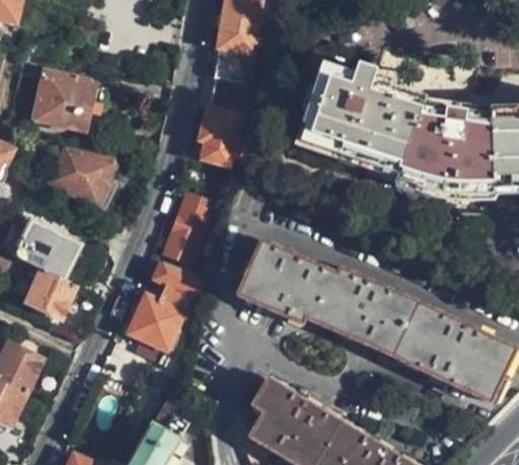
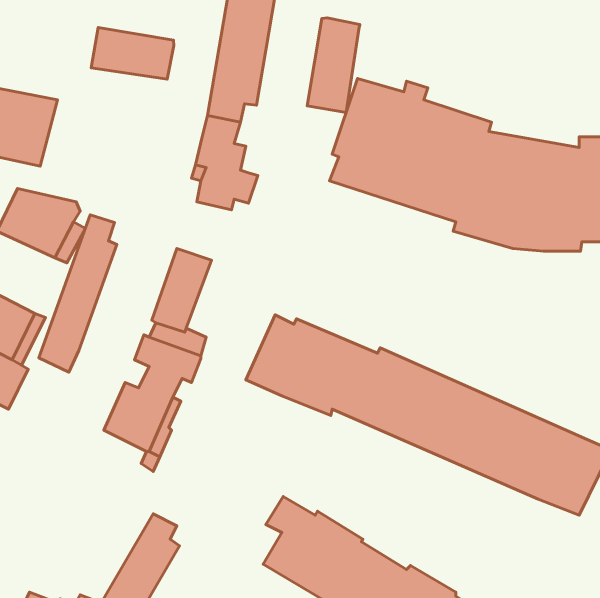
building: none -> [307,18,360,113]
building: none -> [91,27,174,79]
building: none -> [39,215,117,372]

